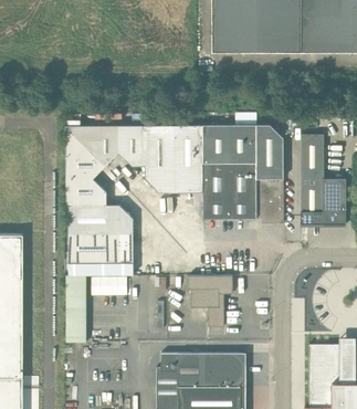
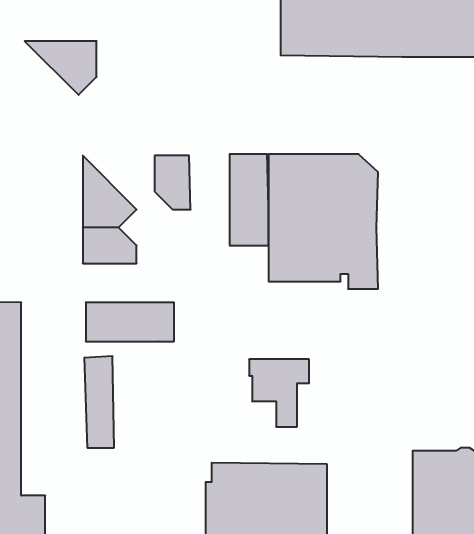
building: [145,125,175,192] -> none
building: [66,126,119,166] -> [25,41,97,95]
building: [301,134,346,223] -> none
building: [69,206,134,234] -> none
building: [93,276,129,295] -> none

